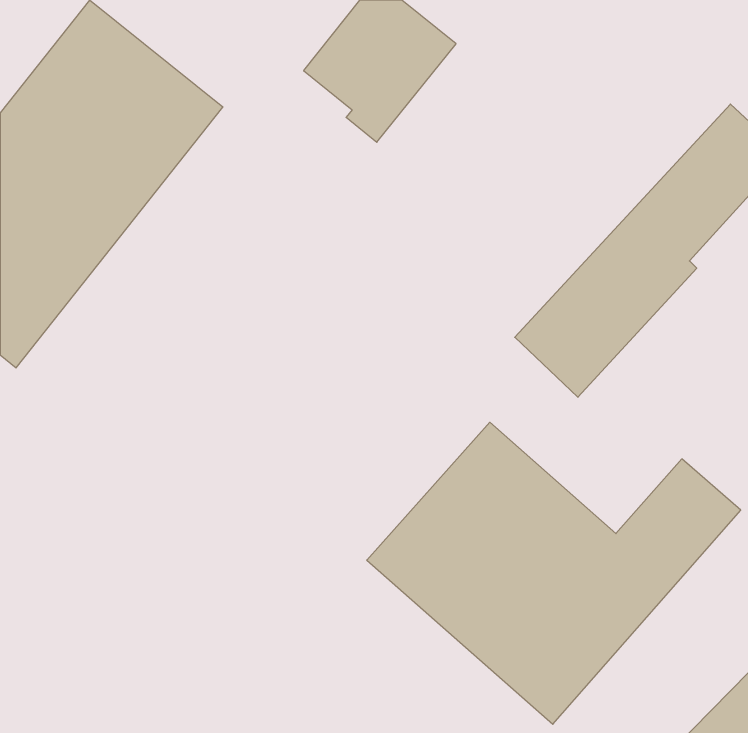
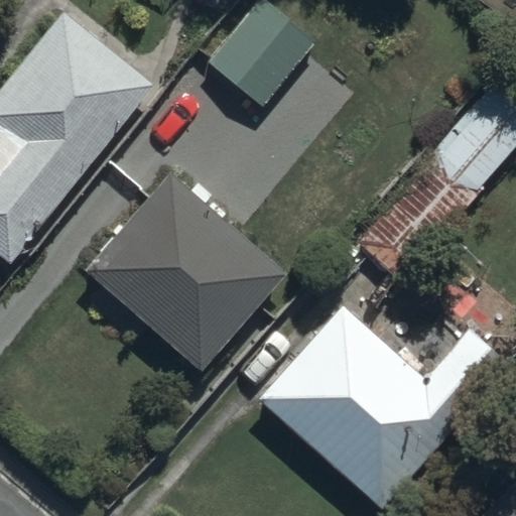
building: none -> [82,170,284,371]

